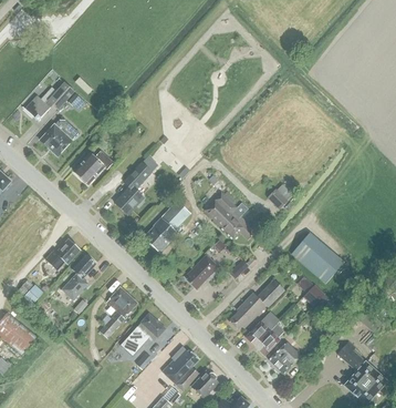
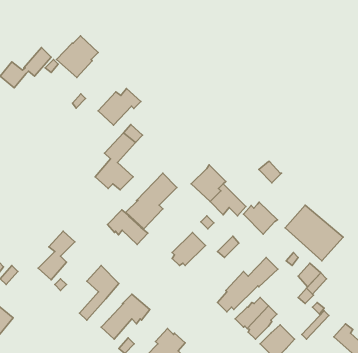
building: [39,116,77,155] -> [57,36,98,77]
building: [73,150,113,184] -> [98,88,141,125]
building: none -> [243,202,278,234]
building: none -> [107,210,148,245]
building: [45,238,79,269] -> none

